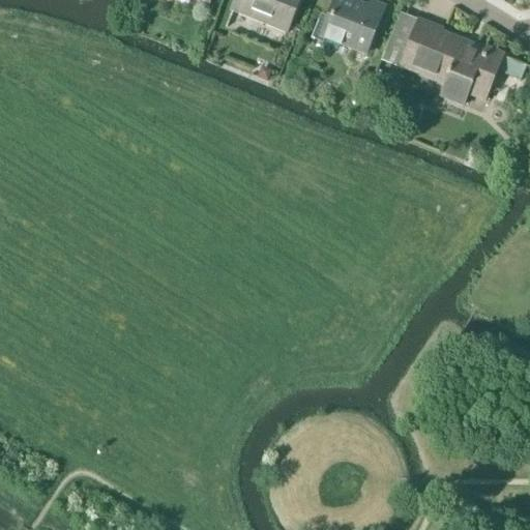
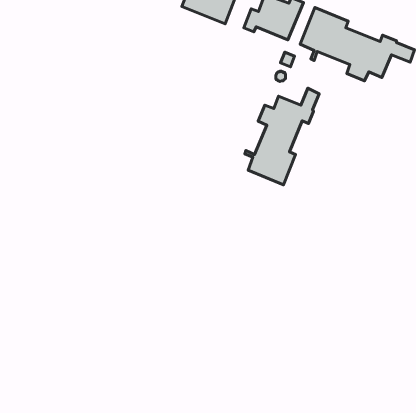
building: none -> [245,88,319,185]

